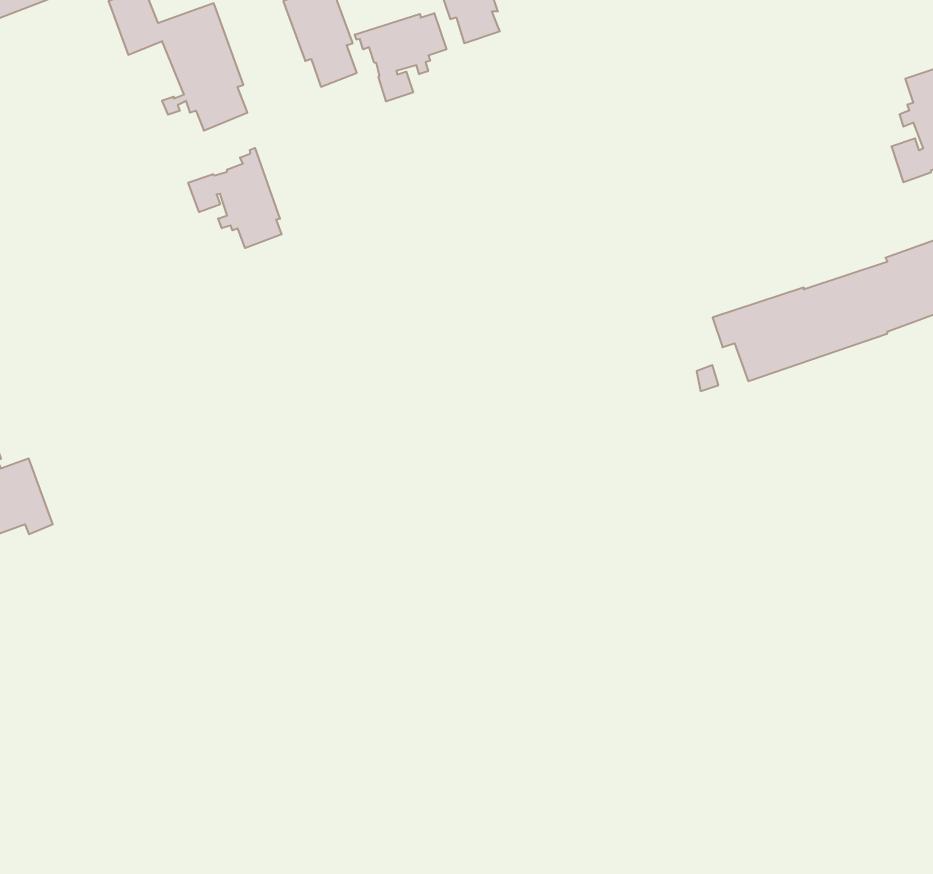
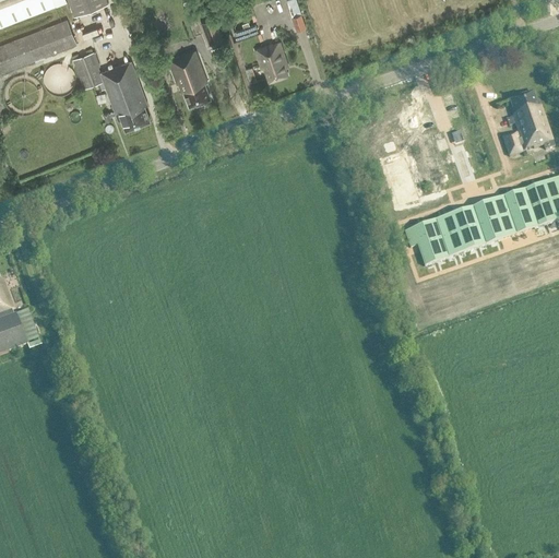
building: [355,13,446,101] -> none
building: [188,148,282,248] -> none

